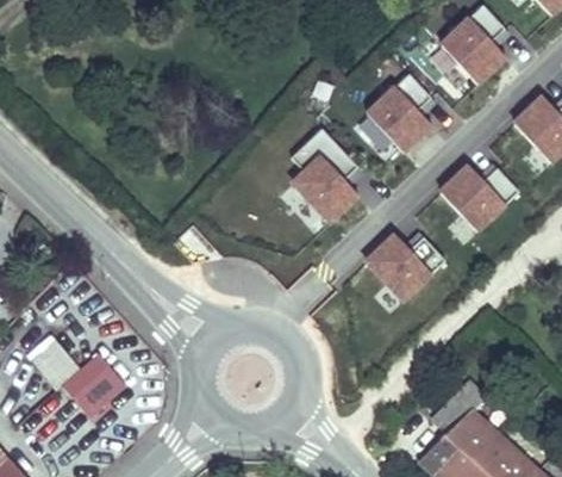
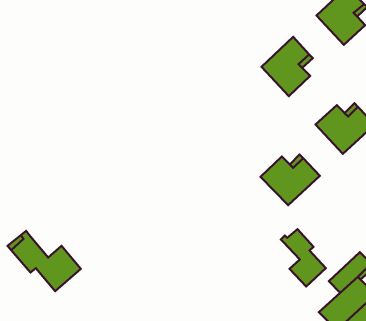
building: [288,129,356,223] -> none
building: none -> [281,229,326,286]

